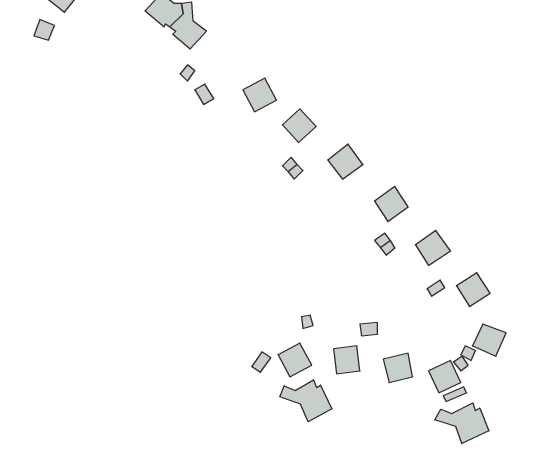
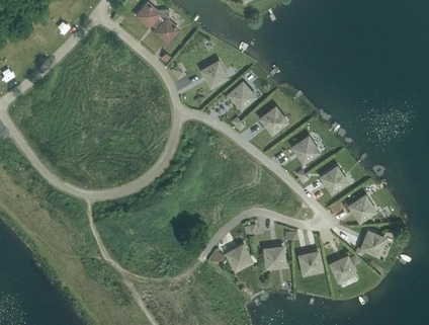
building: [280,380,332,422] -> none
building: [435,403,489,444] -> none

